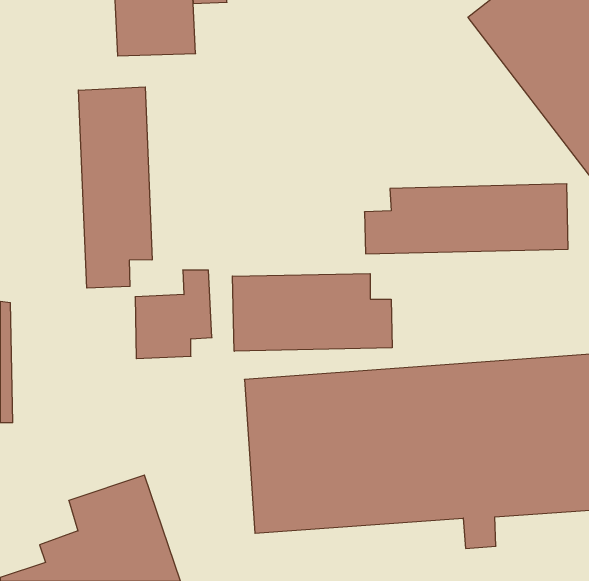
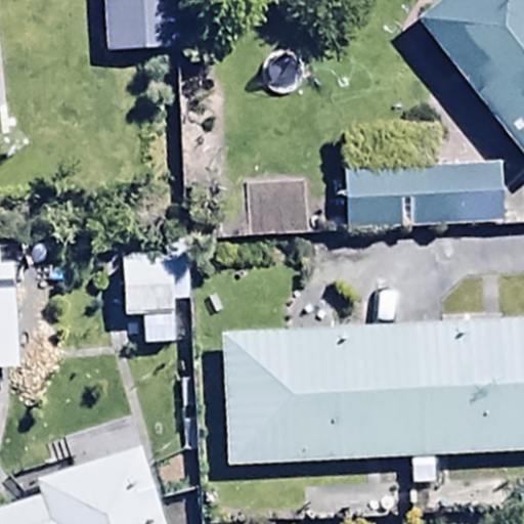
building: [78,87,152,288] -> none
building: [232,274,392,351] -> none

